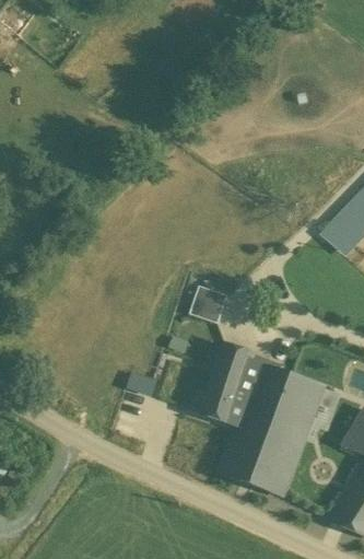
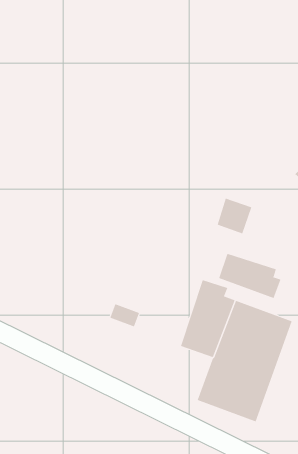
building: [189,284,226,323] -> [217,198,252,234]
building: none -> [219,253,281,299]

